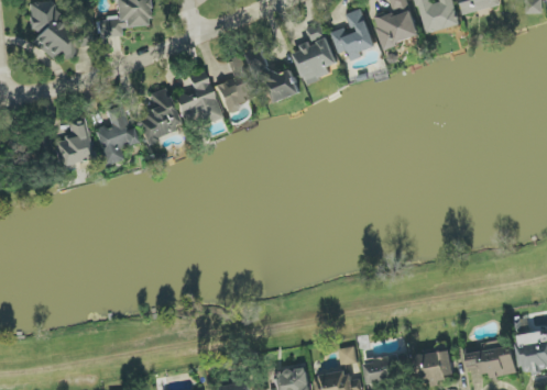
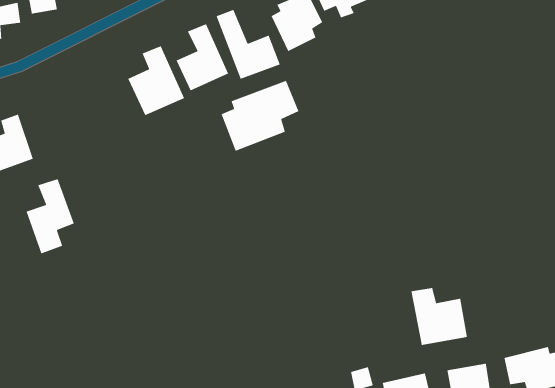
building: [136,88,179,142] -> none
building: [94,104,133,166] -> [26,178,75,255]
building: none -> [220,80,300,152]
building: none -> [410,287,468,346]

